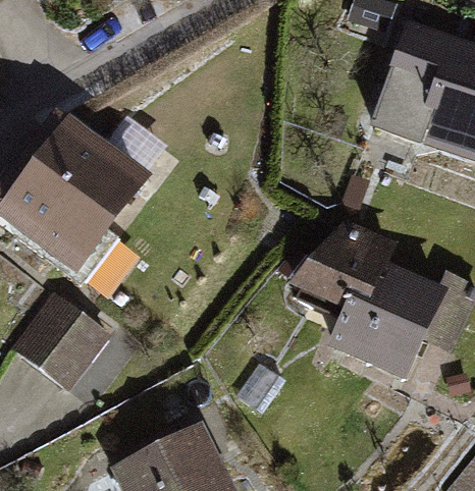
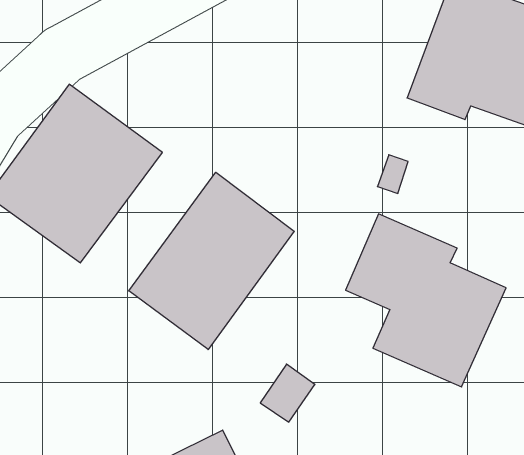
building: none -> [129,172,294,350]
building: [12,292,113,392] -> none

